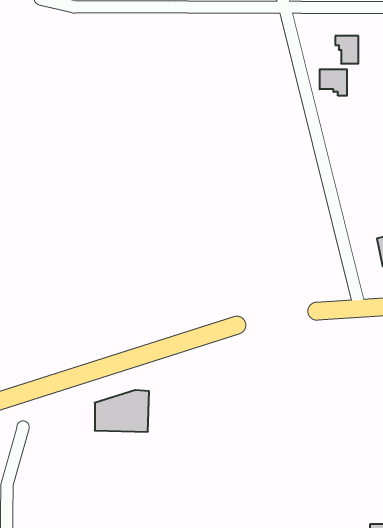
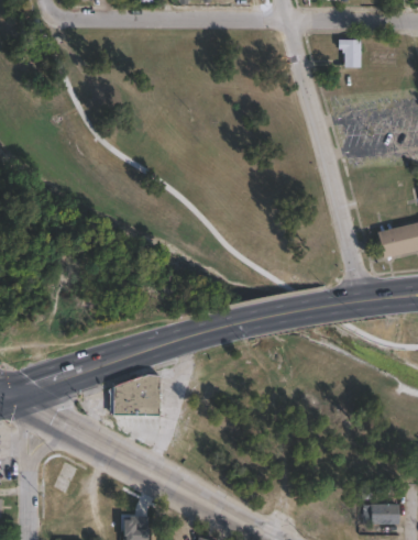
building: [320,69,347,96] -> none

